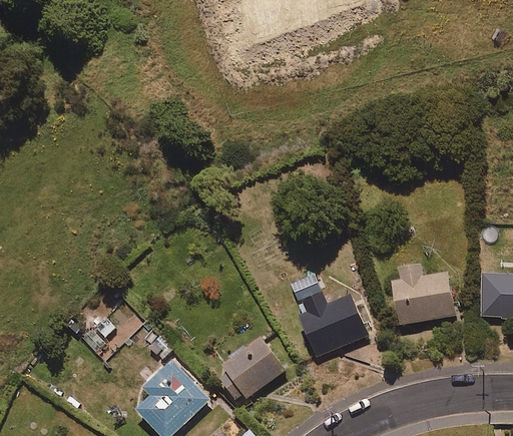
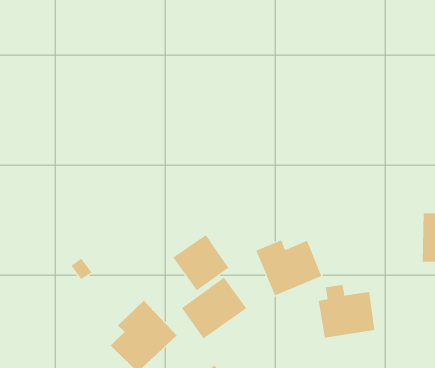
building: [393,265,456,324] -> [318,284,375,338]
building: none -> [173,234,229,291]

